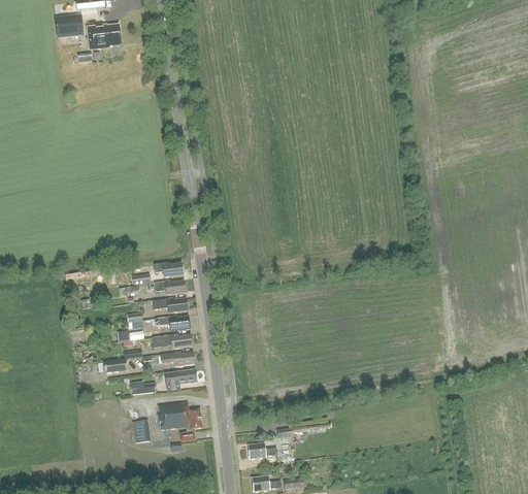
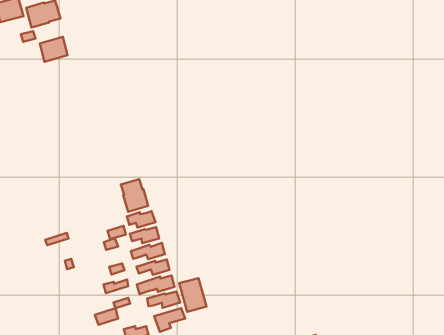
building: none -> [40,37,68,62]
building: none -> [121,179,148,212]
building: none -> [179,278,207,312]

